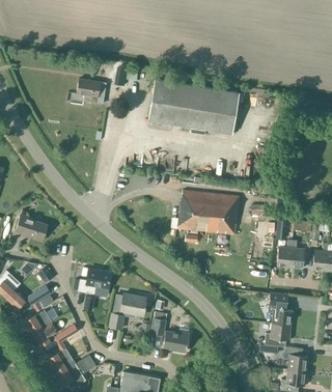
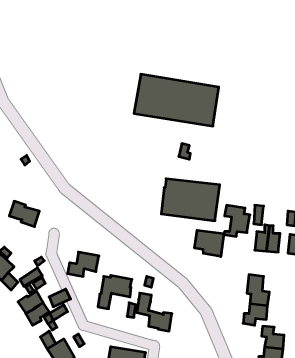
building: [77,79,107,105] -> none
building: none -> [195,230,224,257]

